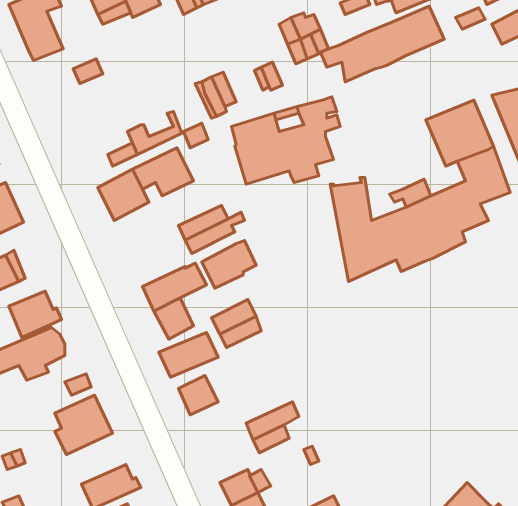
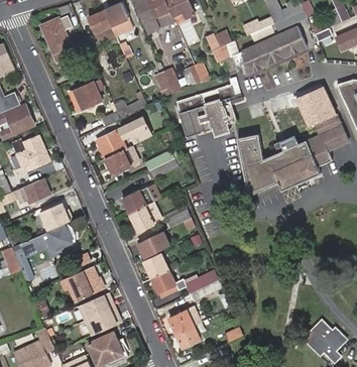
building: none -> [71,81,105,113]
building: [202,240,256,288] -> [105,146,138,175]
building: none -> [151,270,187,296]
building: none -> [79,292,110,321]

